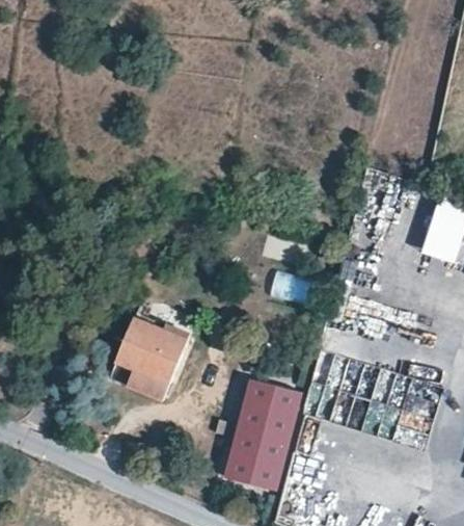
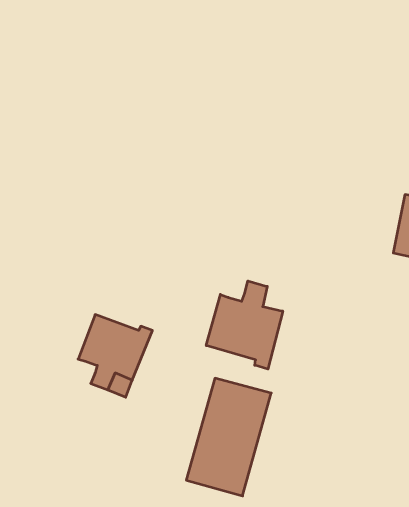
building: none -> [206,281,283,369]

